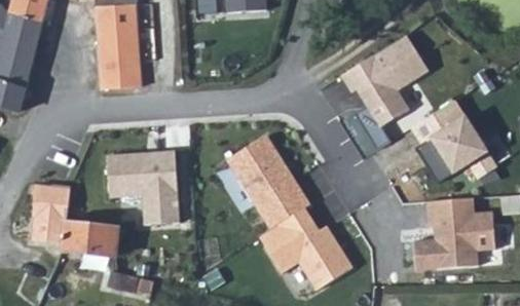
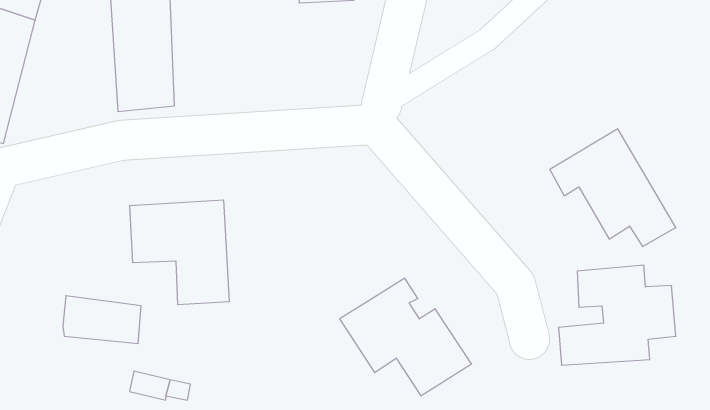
building: [342,35,428,126] -> none
building: [227,135,309,227] -> none
building: [33,182,66,240] -> none

